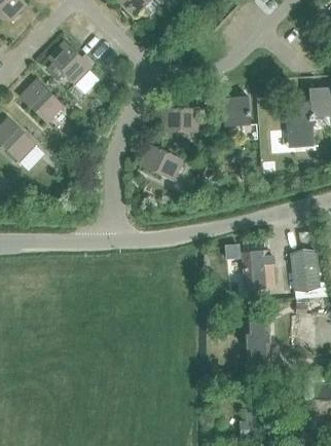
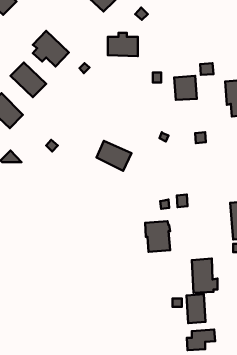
building: [162,103,199,132] -> [108,33,138,56]
building: [140,144,183,181] -> [96,141,131,171]
building: [243,251,273,289] -> [145,221,170,252]
building: none -> [187,294,205,323]

